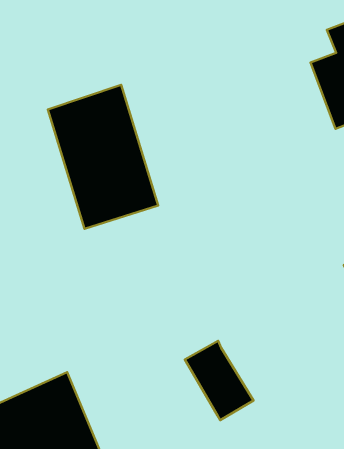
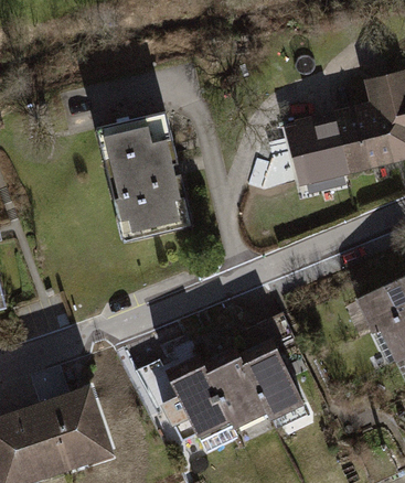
building: none -> [286,110,361,190]
building: none -> [238,330,305,426]
building: none -> [151,368,230,442]

